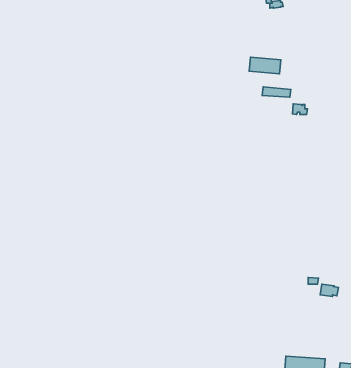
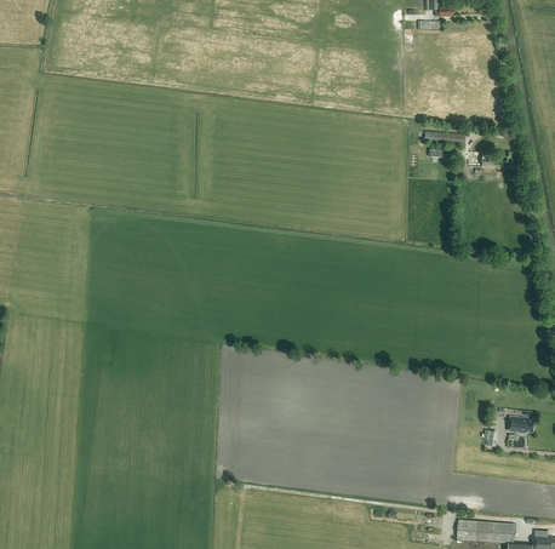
building: [249,57,281,74] -> none

